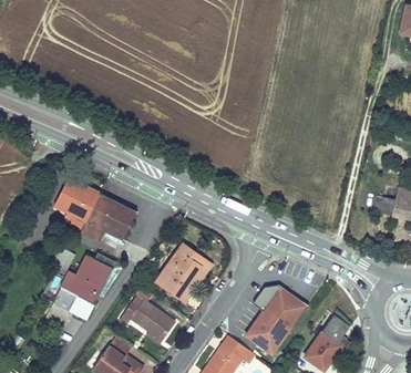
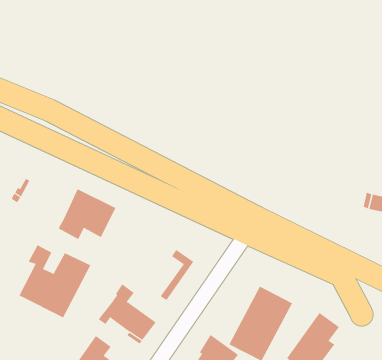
building: [53,177,99,230] -> none
building: [156,244,201,297] -> none

